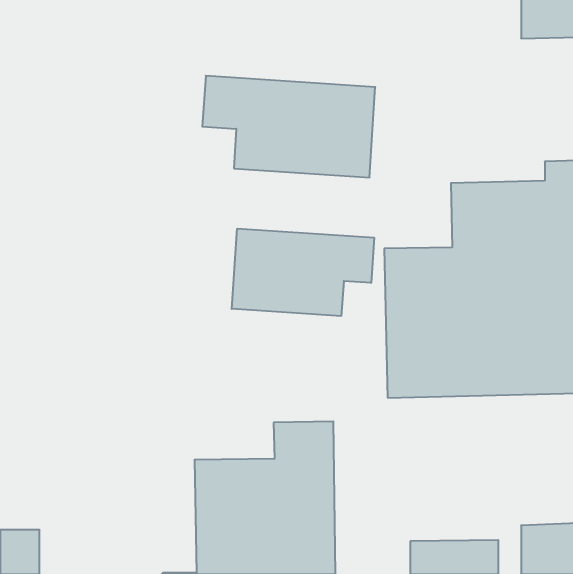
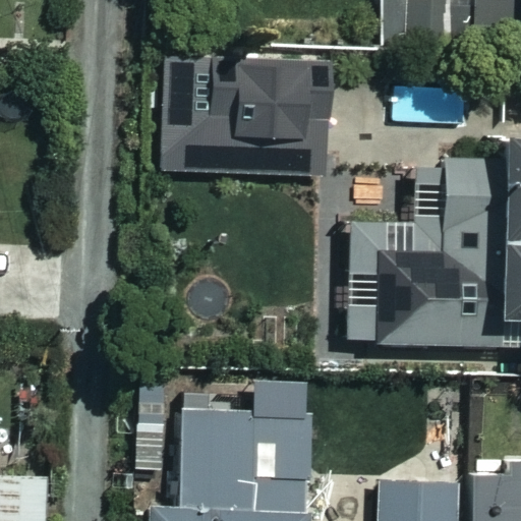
building: [232,229,374,316] -> none

